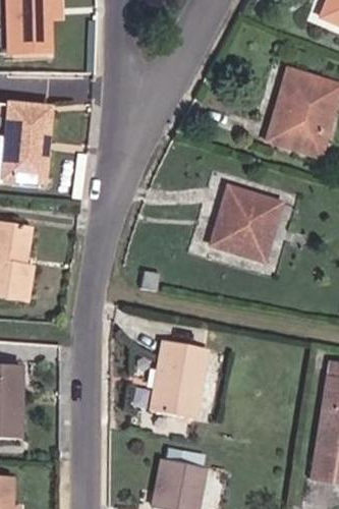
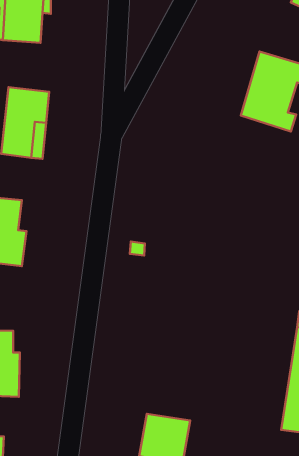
building: [217,184,280,253] -> none
building: [152,340,209,415] -> none

